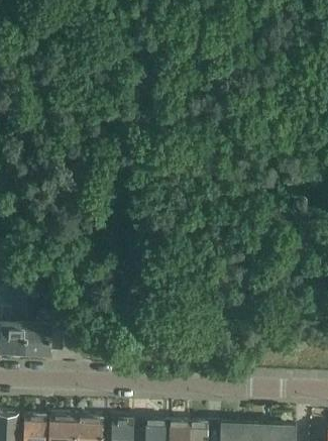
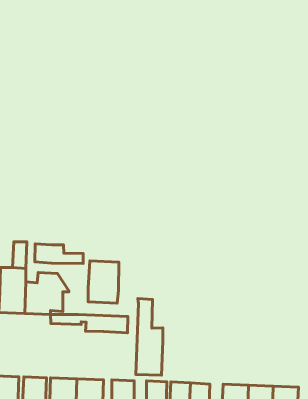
building: none -> [35,244,83,264]
building: none -> [88,261,119,303]
building: none -> [136,298,163,375]
building: none -> [50,314,128,333]

